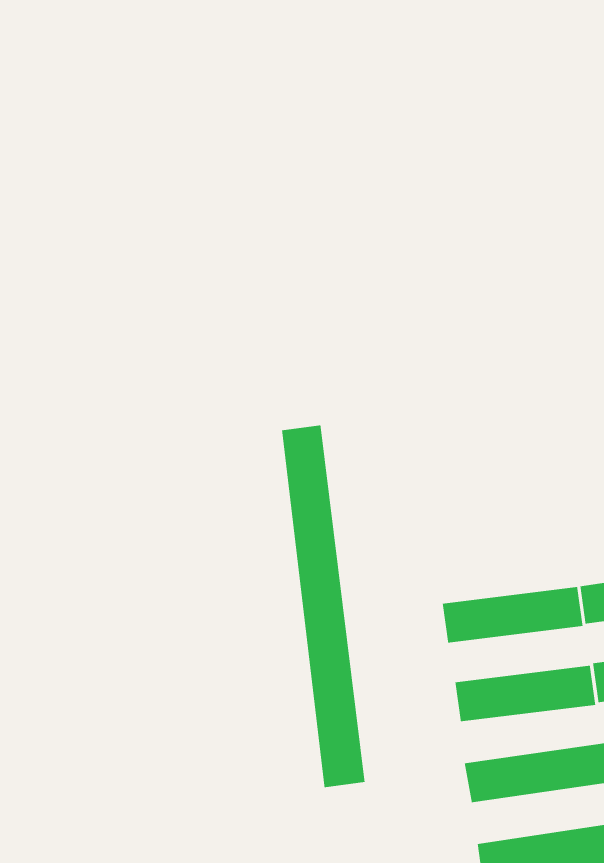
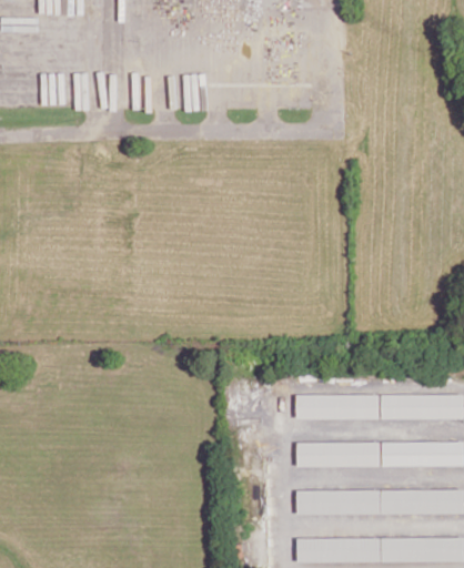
building: [281,424,366,788] -> none

